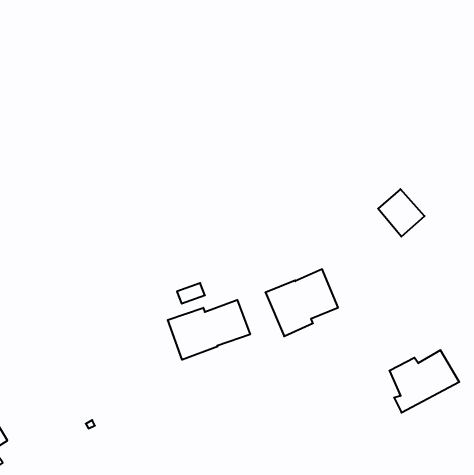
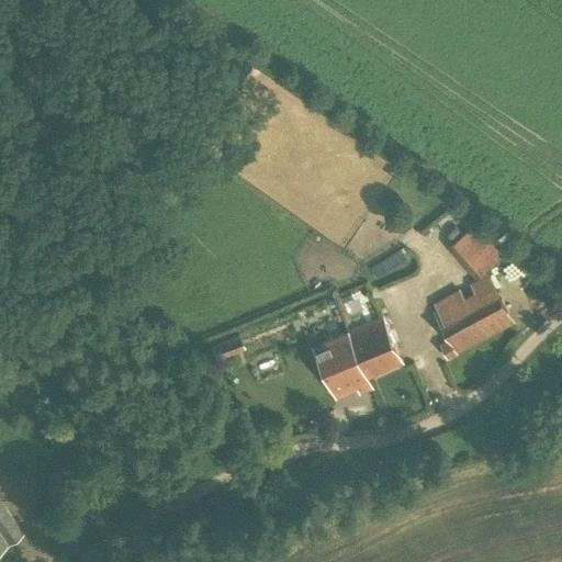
building: [168,300,250,360] -> none
building: [389,350,459,413] -> [431,286,514,360]

